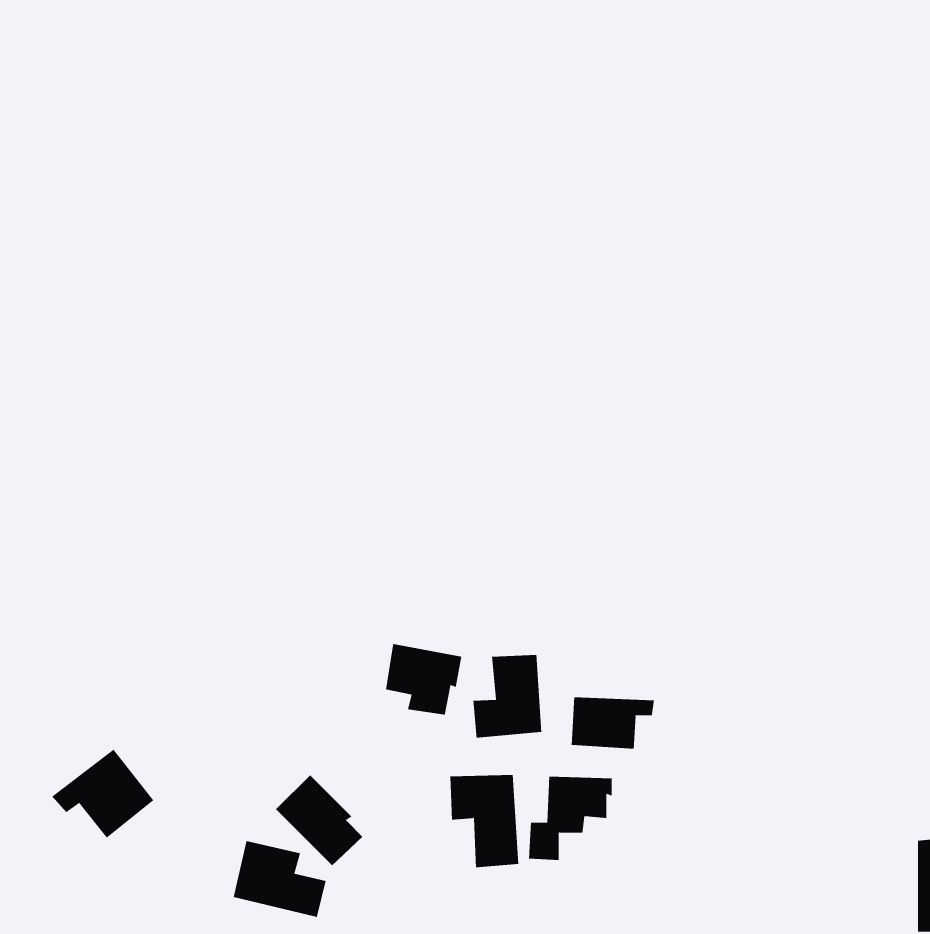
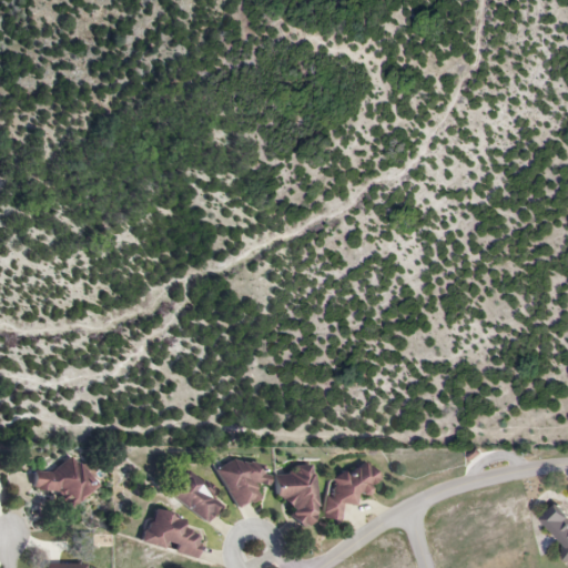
building: [385,644,462,715] -> [221,459,267,503]
building: [473,654,542,738] -> none
building: [571,696,654,749] -> none

